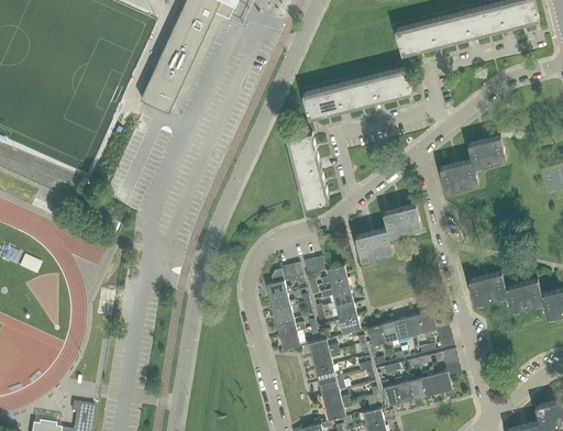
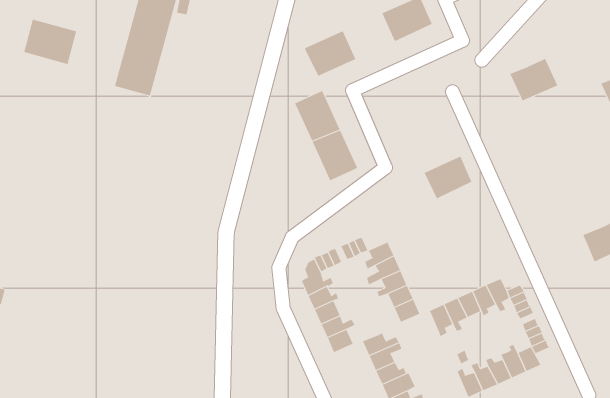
building: none -> [23,19,77,65]
building: [336,76,377,110] -> none
building: [440,161,478,191] -> none
building: [355,229,394,261] -> none
building: [468,272,507,303] -> none

